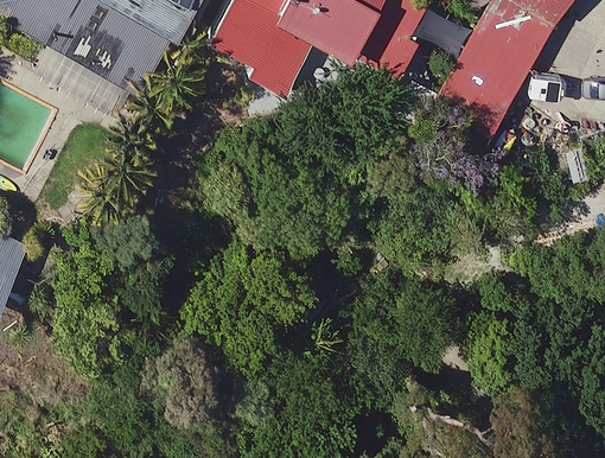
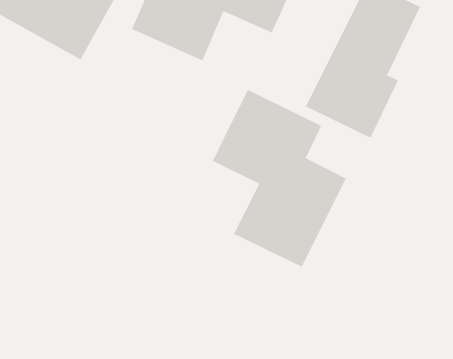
building: none -> [212,89,346,267]

